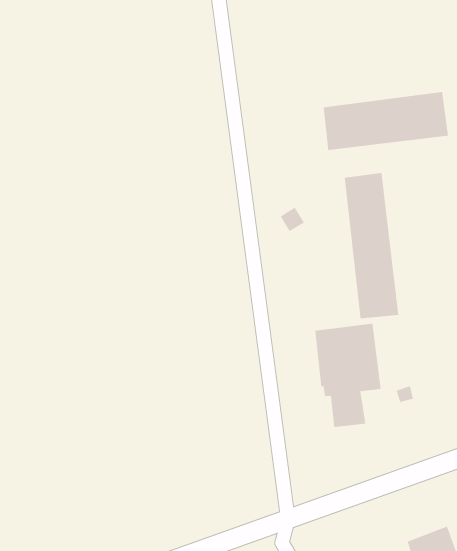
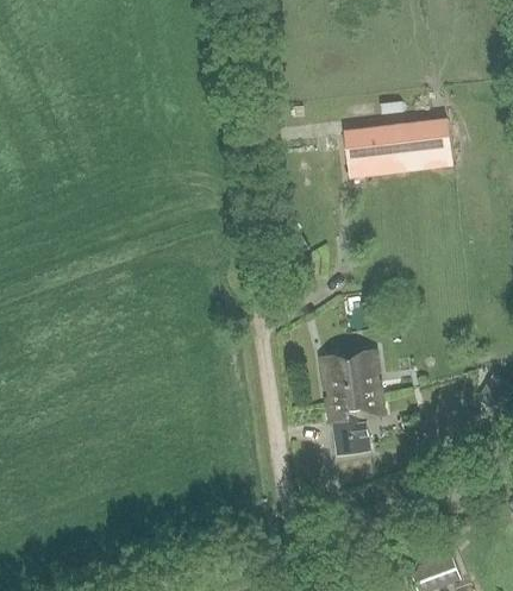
building: [344,172,399,319] -> none

